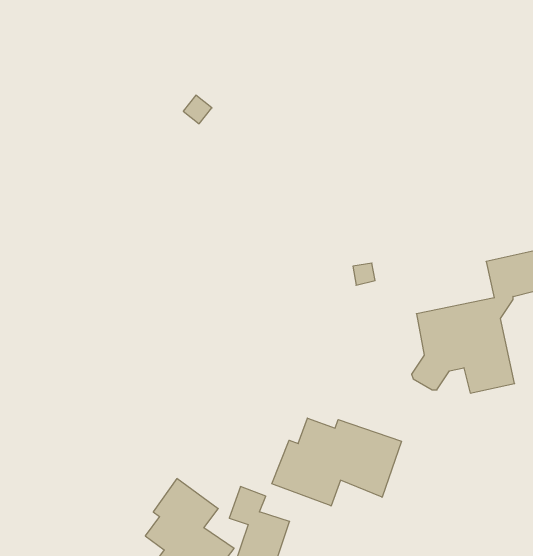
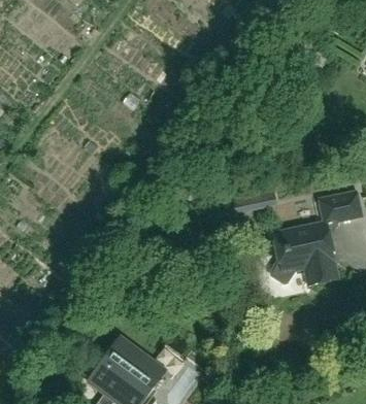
building: [272,418,402,506] -> none

